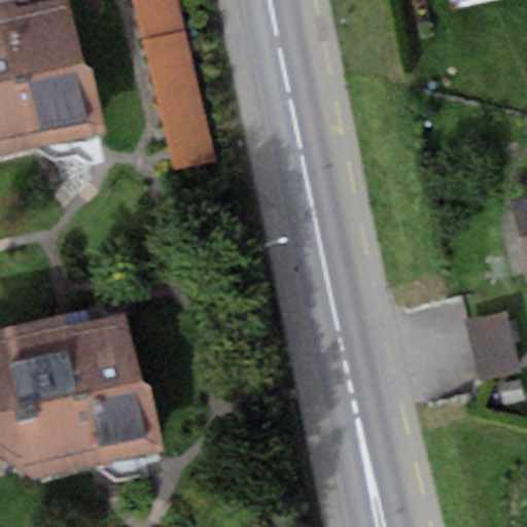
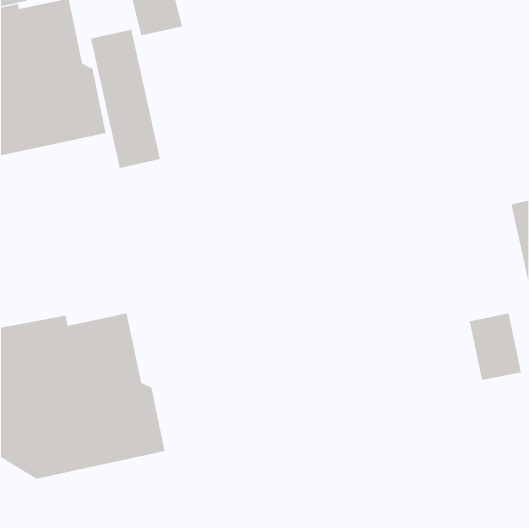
building: [144,34,214,173] -> [90,29,161,169]

